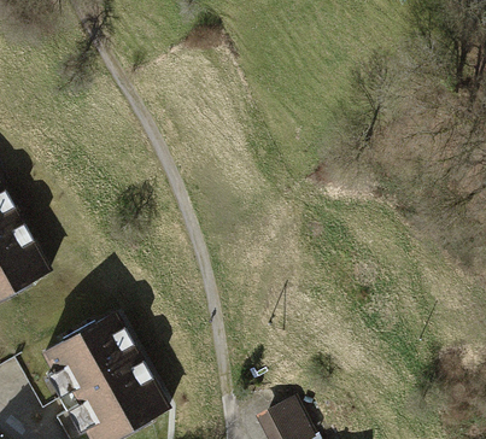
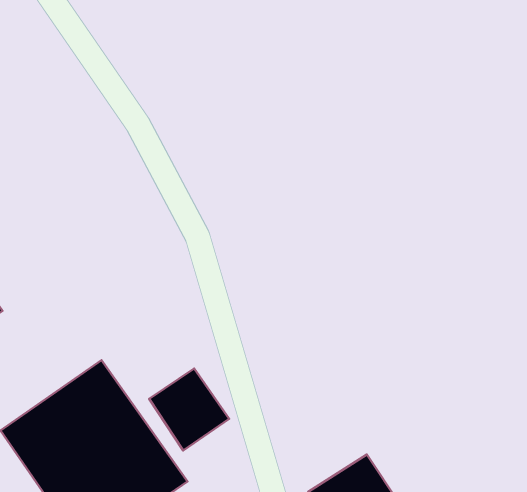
building: none -> [149,368,229,451]

